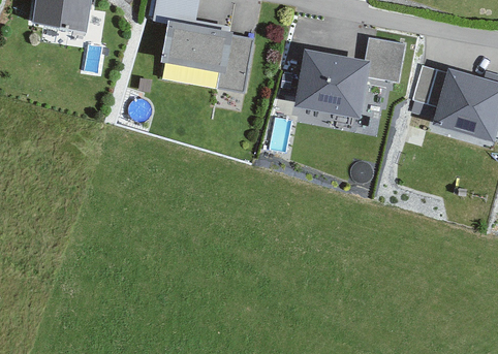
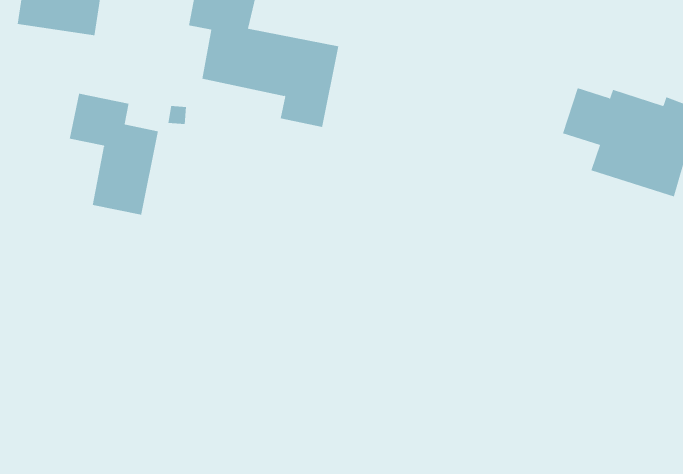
building: [294,38,404,120] -> none
building: none -> [69,93,159,216]

